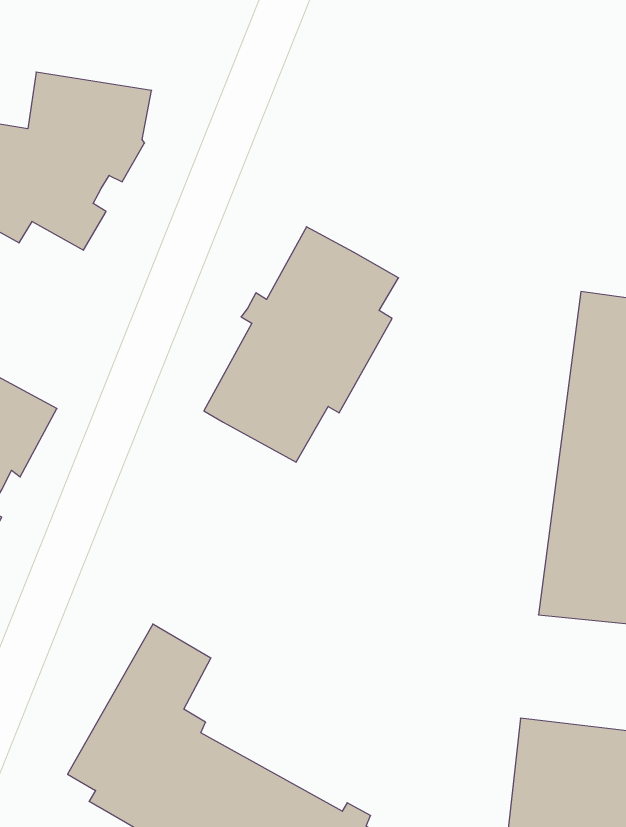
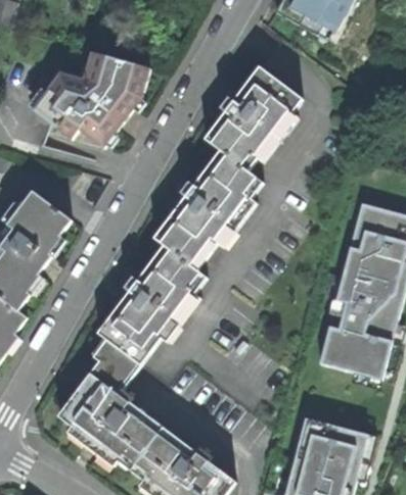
building: none -> [206,64,303,164]
building: none -> [98,243,207,363]

